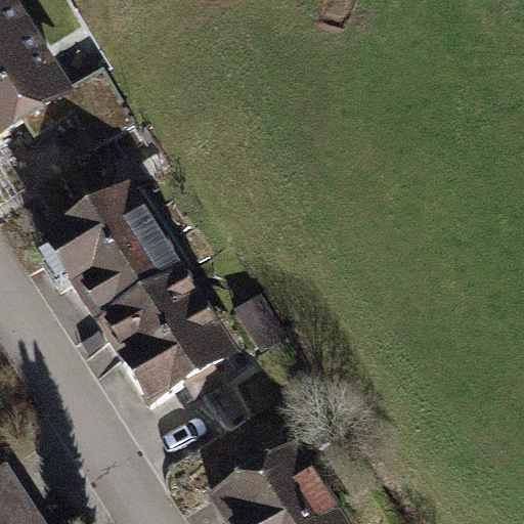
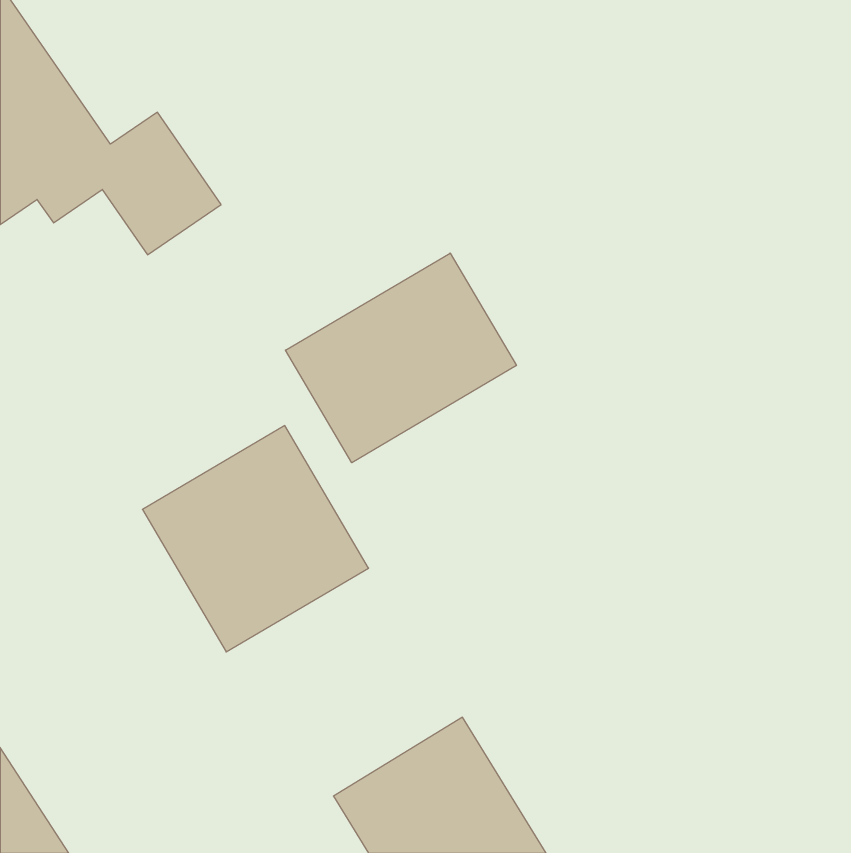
building: none -> [285,253,516,463]
building: [43,180,177,311] -> none

